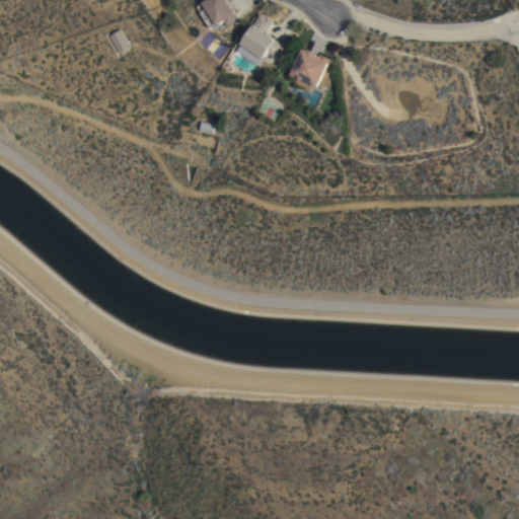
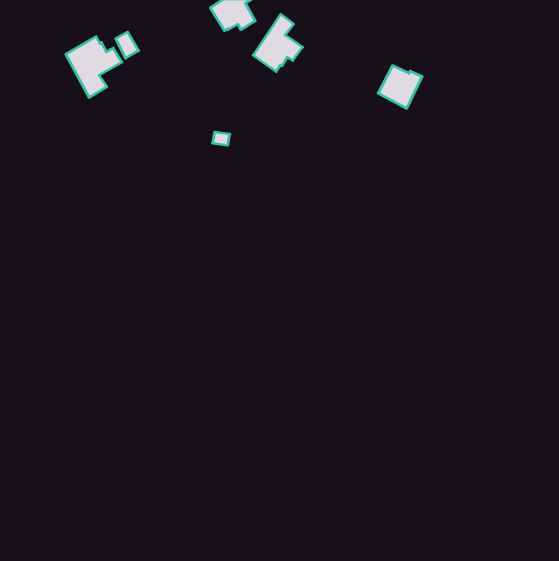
building: none -> [66,37,122,98]
building: [288,48,328,87] -> [378,66,422,108]

